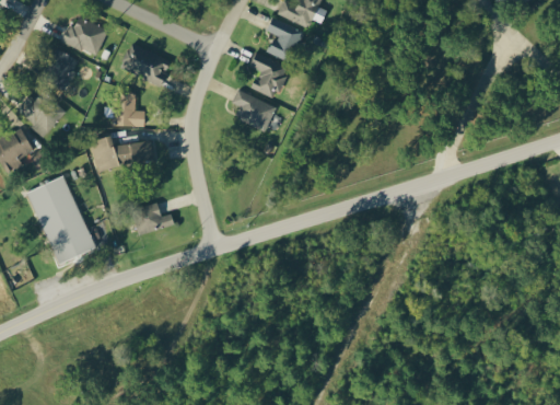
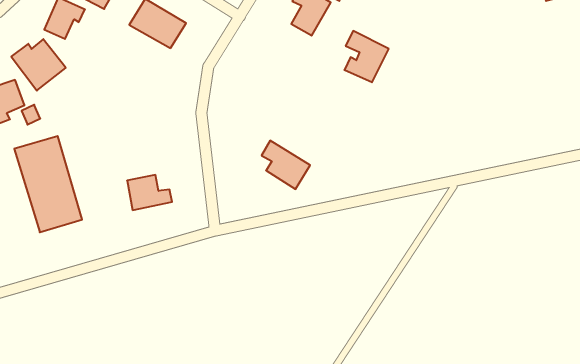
building: [248,54,288,99] -> [344,31,389,82]
building: [230,90,275,131] -> [262,141,310,189]
building: [114,93,144,127] -> none
building: [91,138,154,171] -> none

